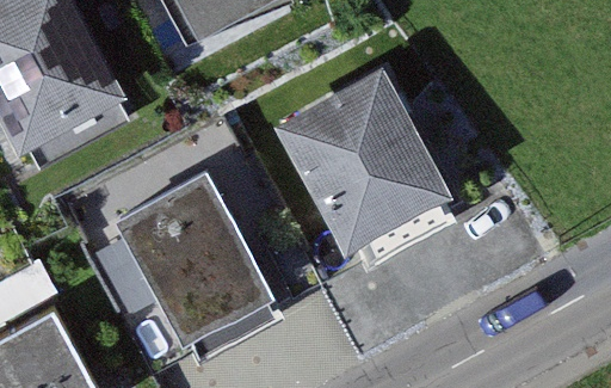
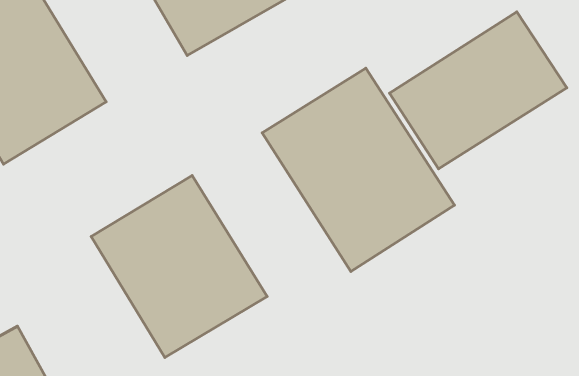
building: none -> [390,12,567,169]

